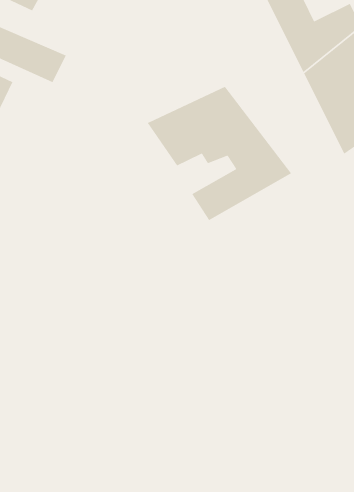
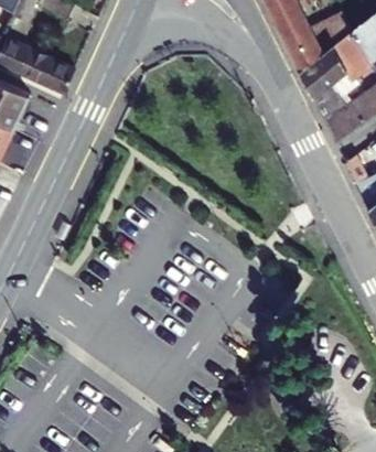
building: [146,86,292,221] -> none

